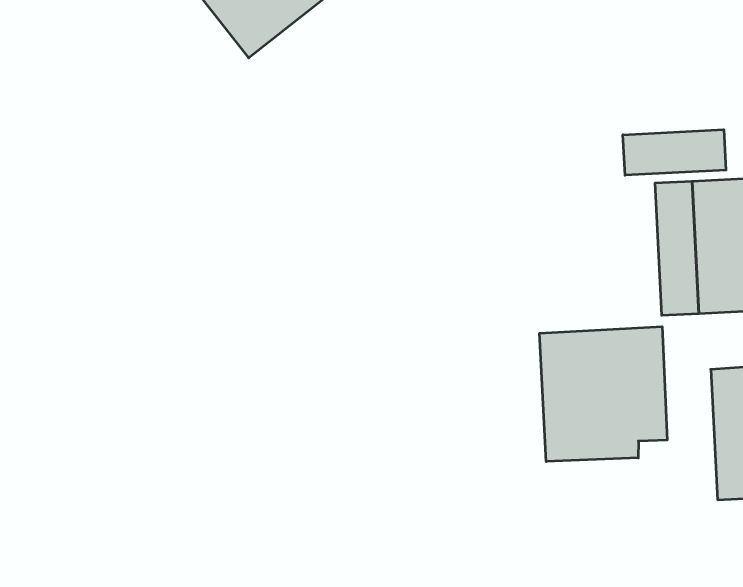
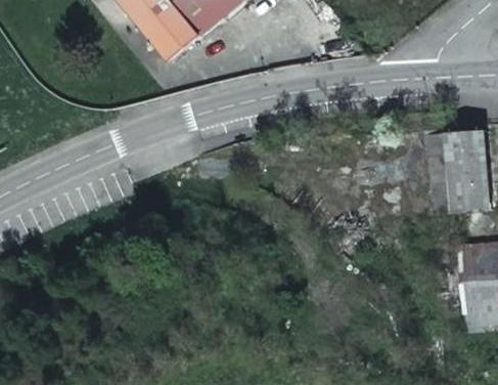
building: [623,130,726,175] -> none
building: [540,327,667,462] -> none

